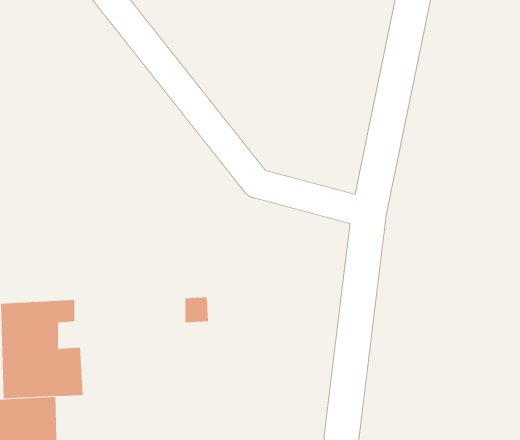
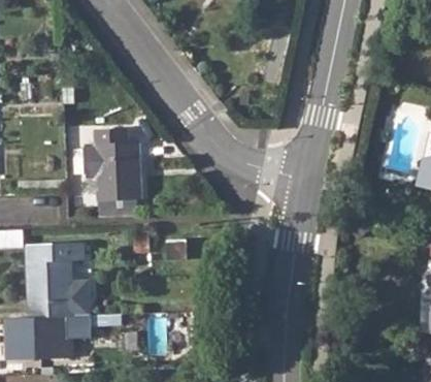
building: none -> [93,128,139,200]

